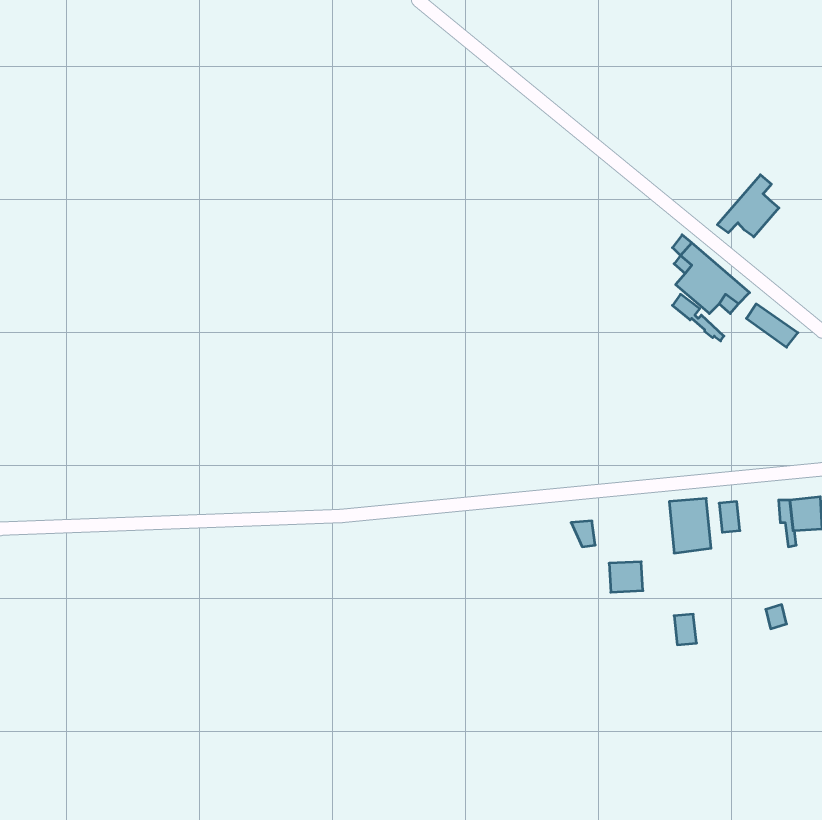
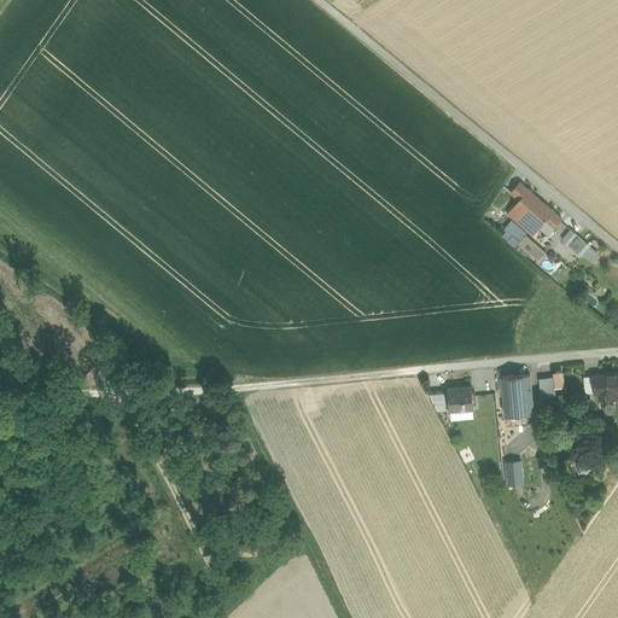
building: [717,175,779,237] -> none
building: [609,562,643,592] -> [448,387,473,410]

